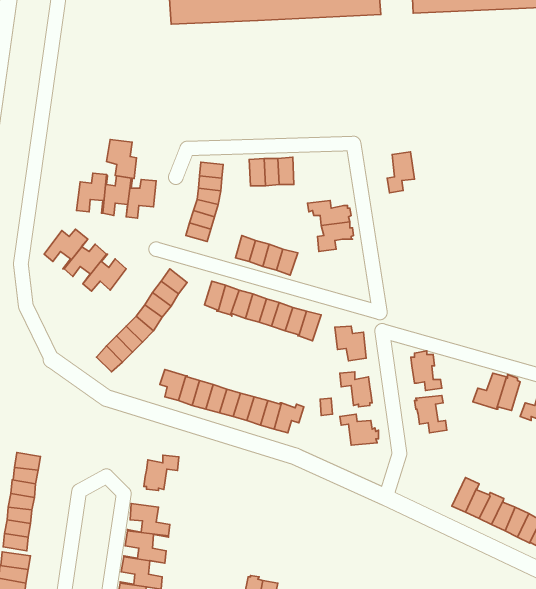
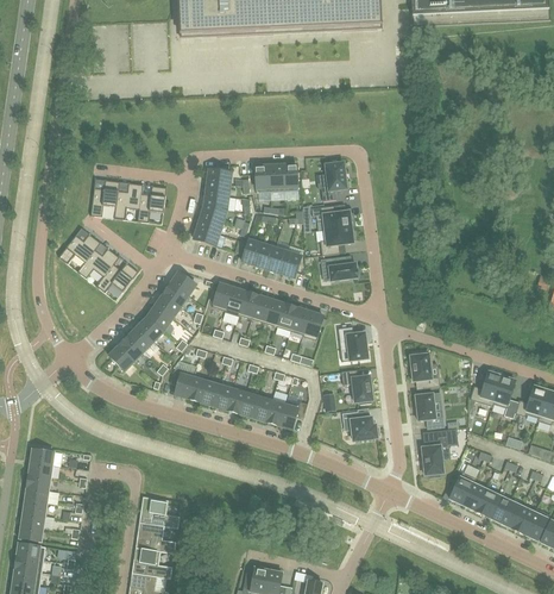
building: [106,139,137,179] -> none
building: [387,152,414,193] -> [320,161,346,200]
building: none -> [320,255,357,280]
building: none -> [421,427,457,476]
building: [144,455,179,491] -> none

